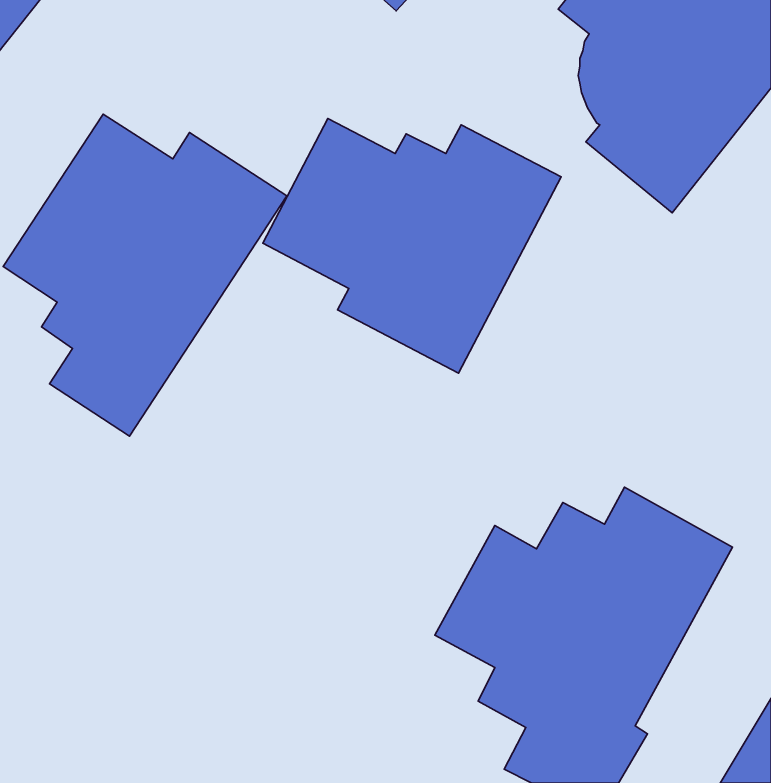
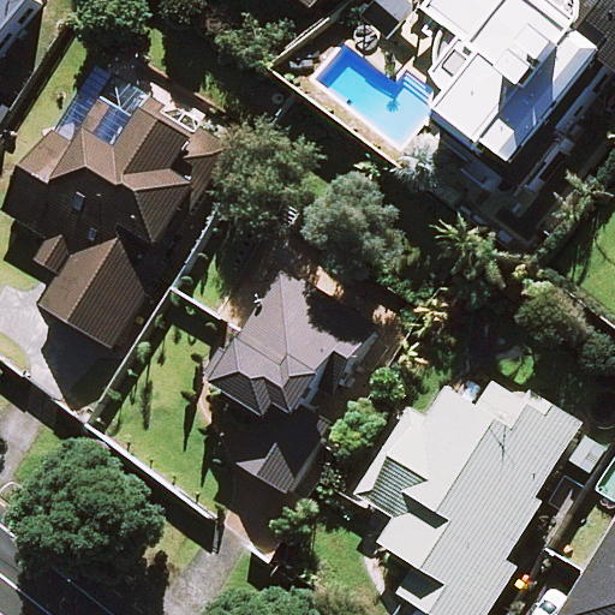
building: [263,118,561,373] -> none
building: none -> [215,270,364,488]

